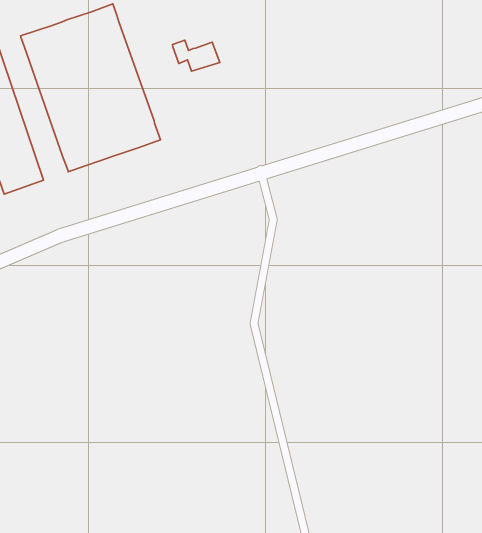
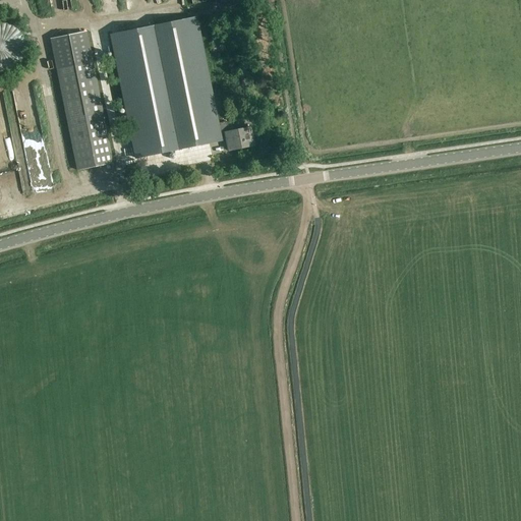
building: [172,40,220,71] -> [215,121,253,149]

